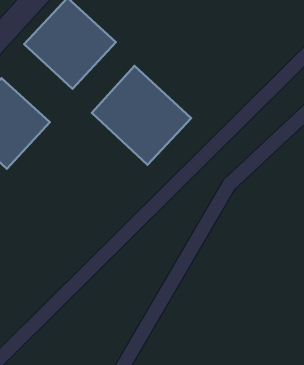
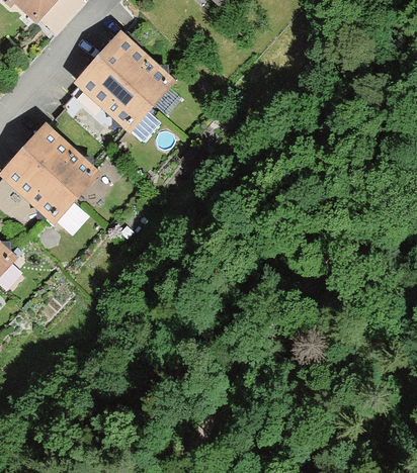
building: [92,66,191,165] -> none

